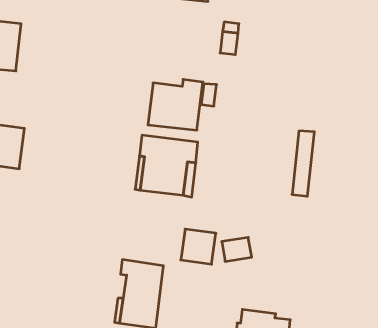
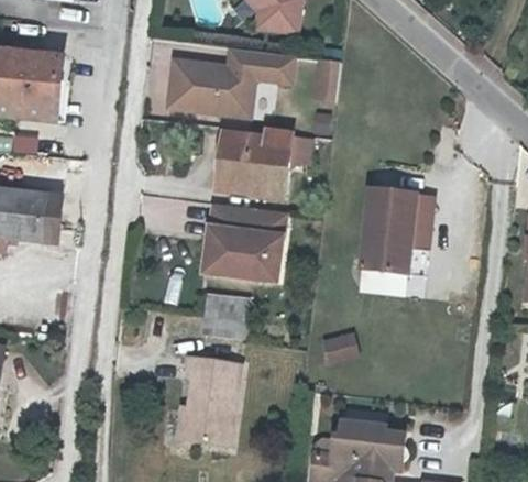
building: none -> [168,45,293,114]
building: none -> [360,190,415,277]
building: [181,229,216,264] -> [204,294,249,339]

